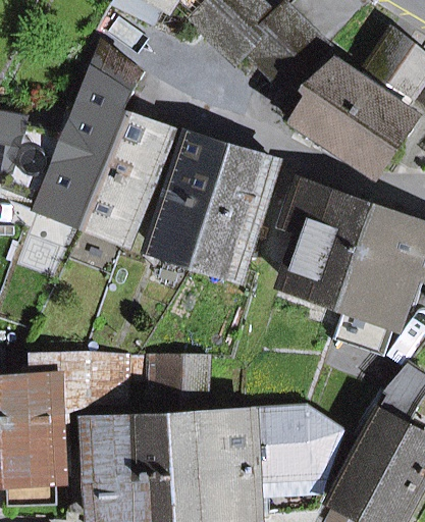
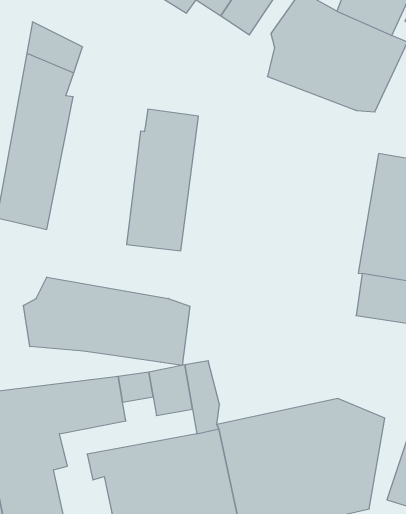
building: [84,113,168,237] -> none
building: [194,148,273,273] -> none
building: [280,179,375,304] -> none
building: none -> [23,277,190,365]

